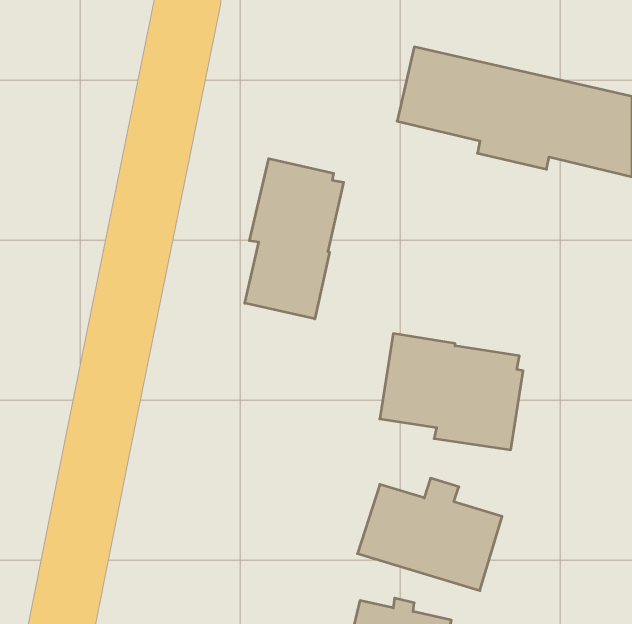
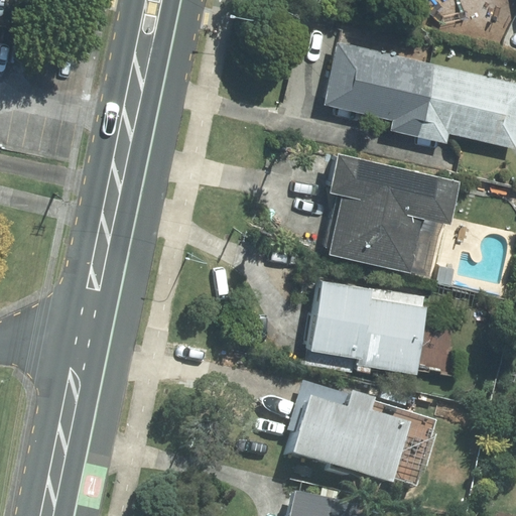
building: [245,159,344,319] -> none
building: none -> [329,151,459,274]

